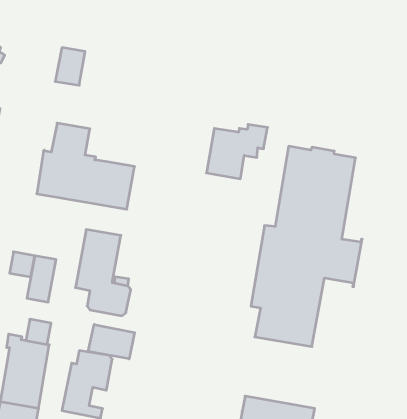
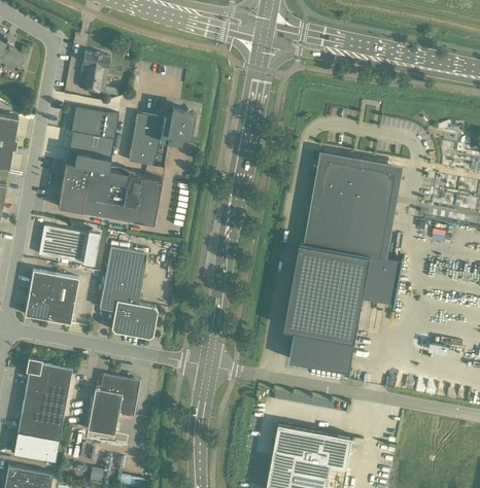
building: none -> [71,106,118,139]
building: [206,124,268,179] -> [129,109,194,167]
building: none -> [38,225,88,263]
building: [26,319,51,344] -> [25,292,52,319]
building: [88,324,135,359] -> none

